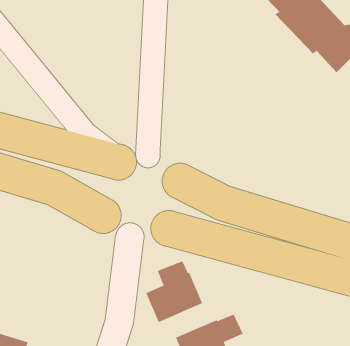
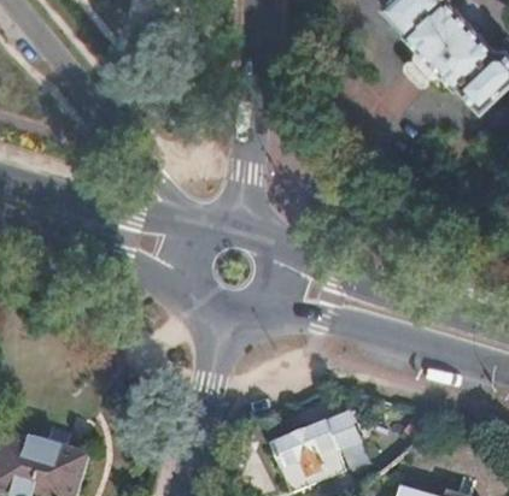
building: [146,260,203,323] -> none

